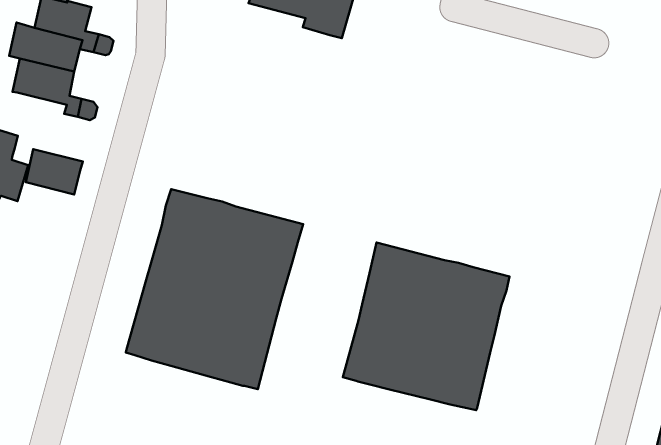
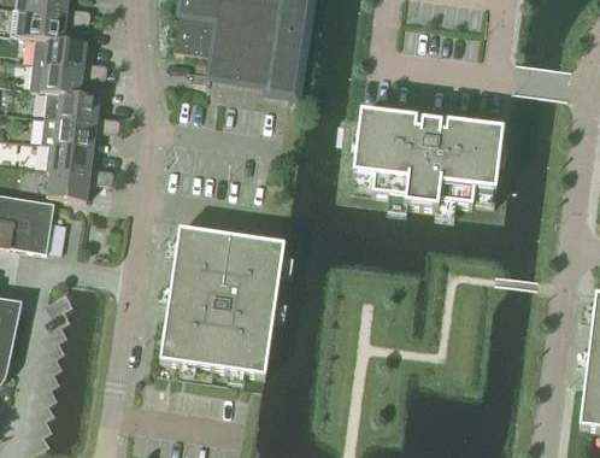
building: none -> [351,112,505,210]
building: [26,149,83,195] -> [47,169,89,200]
building: [343,242,509,410] -> none

